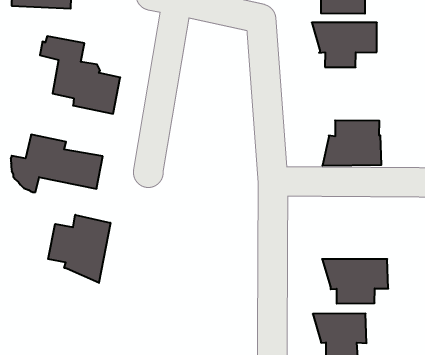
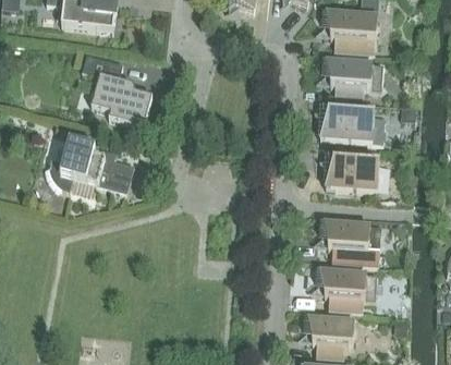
building: none -> [319,99,374,142]
building: none -> [322,221,380,265]
building: [48,215,110,283] -> none

